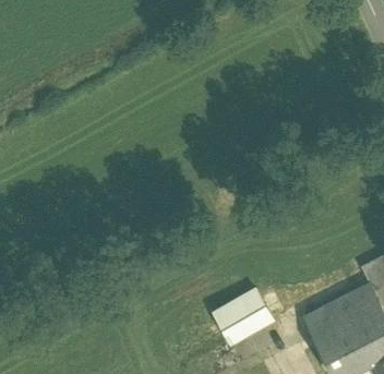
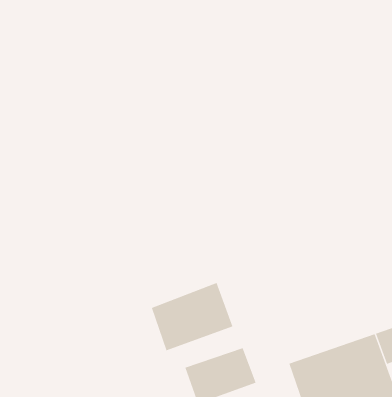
building: none -> [151,282,233,351]

